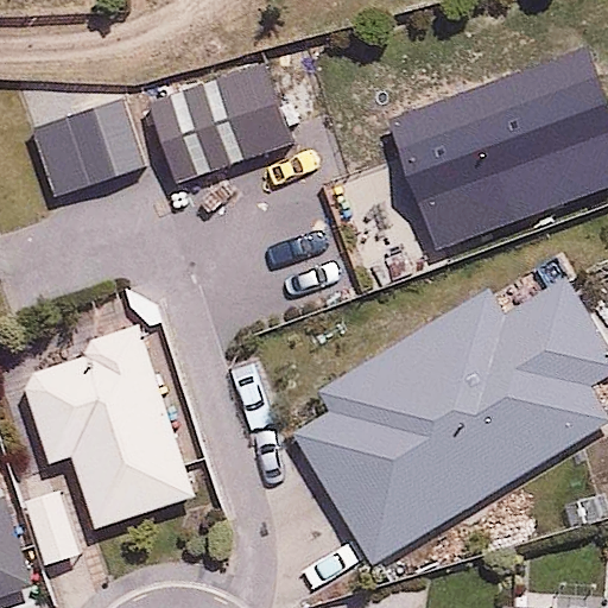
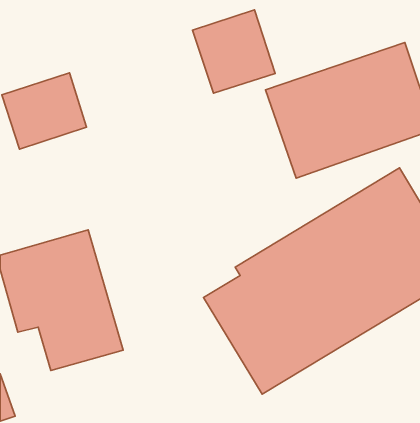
building: none -> [192,10,275,93]
building: [151,72,280,186] -> none

